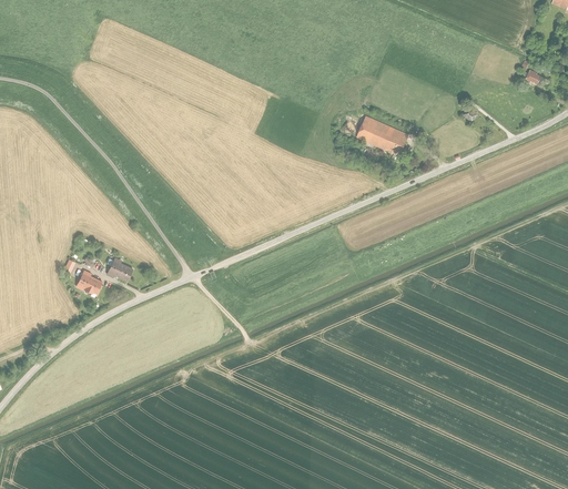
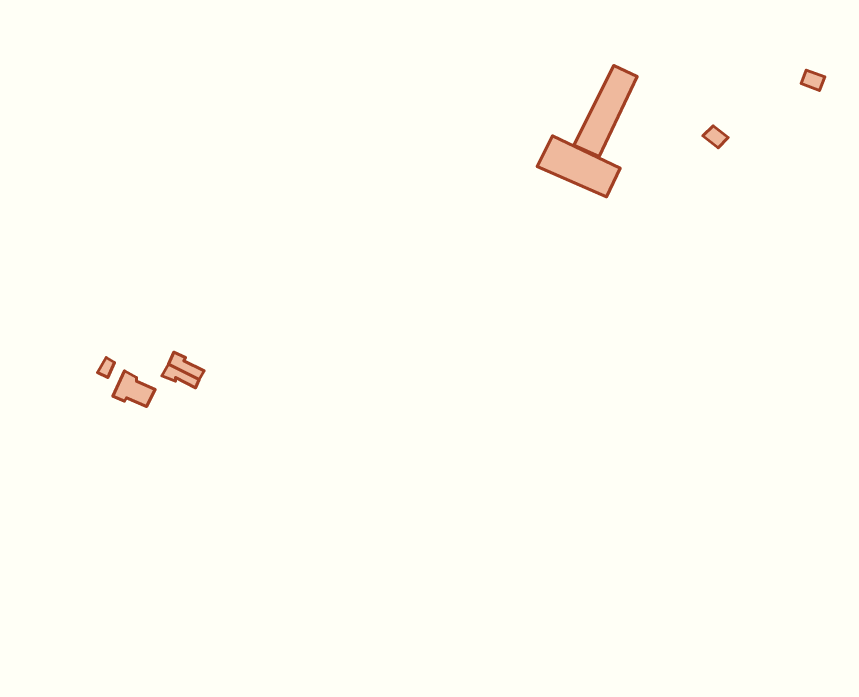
building: none -> [574,65,637,156]

